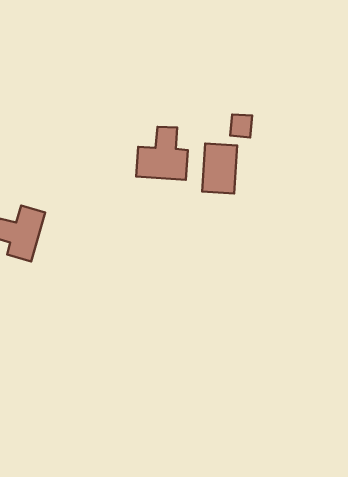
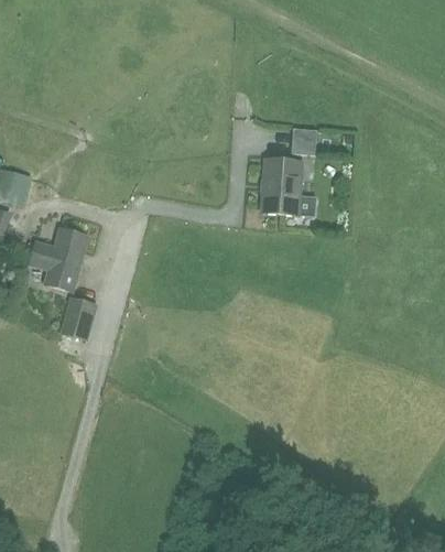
building: [136,127,188,180] -> none
building: none -> [61,296,97,339]

